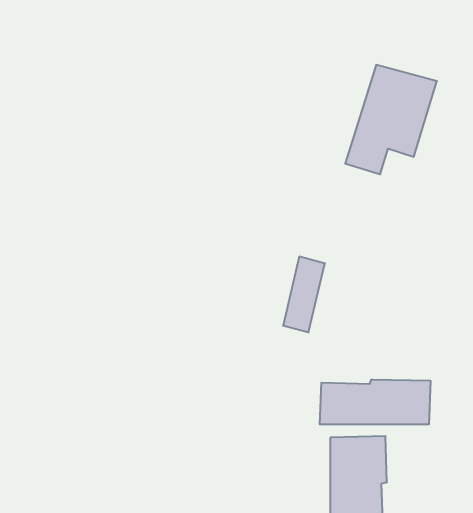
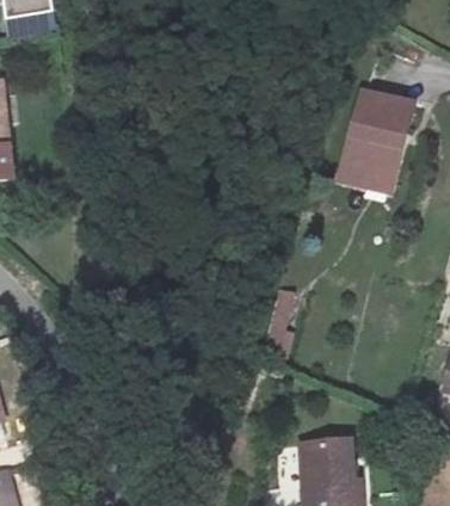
building: [320,379,430,424] -> none

